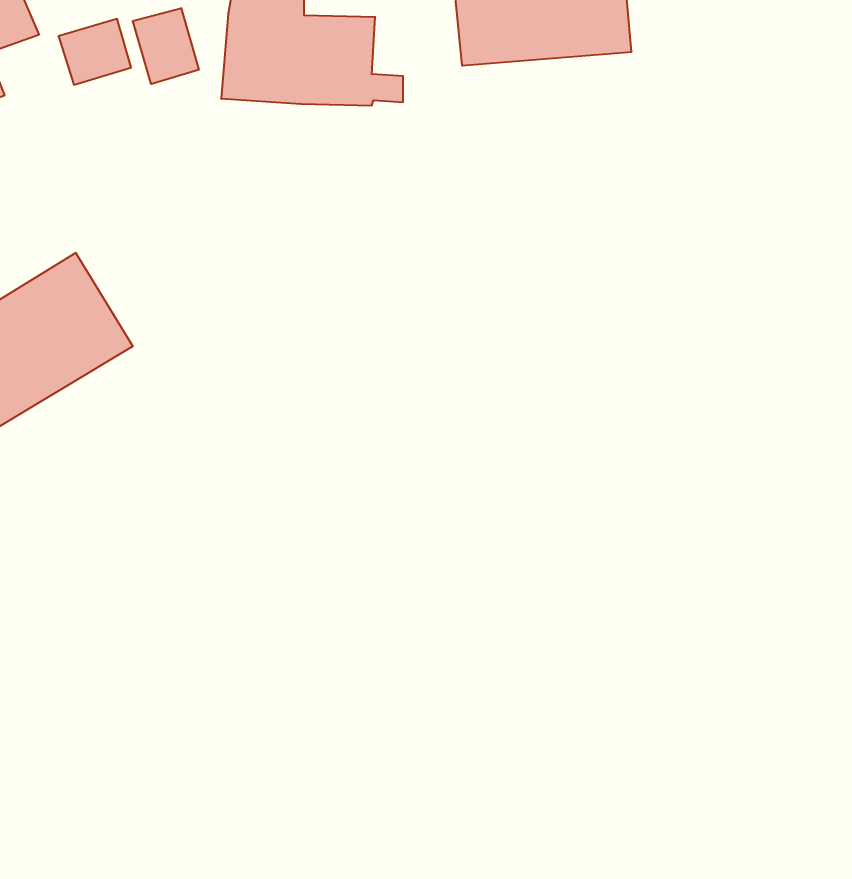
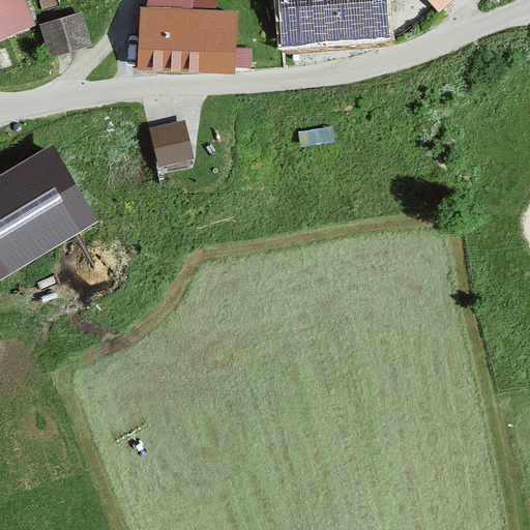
building: [133,8,199,84] -> none
building: none -> [153,124,190,161]

